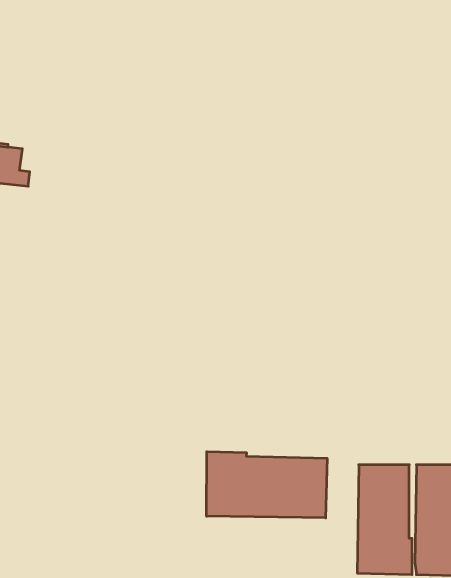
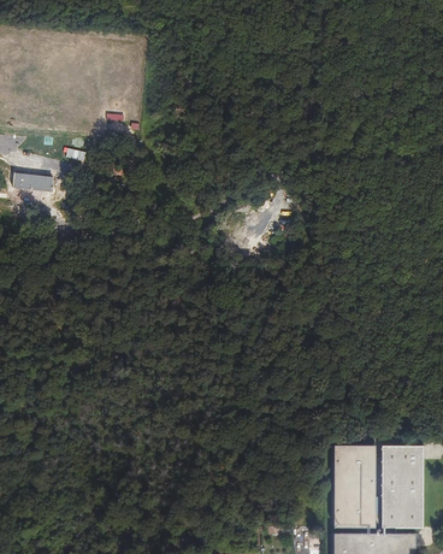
building: [207,452,327,518] -> none

